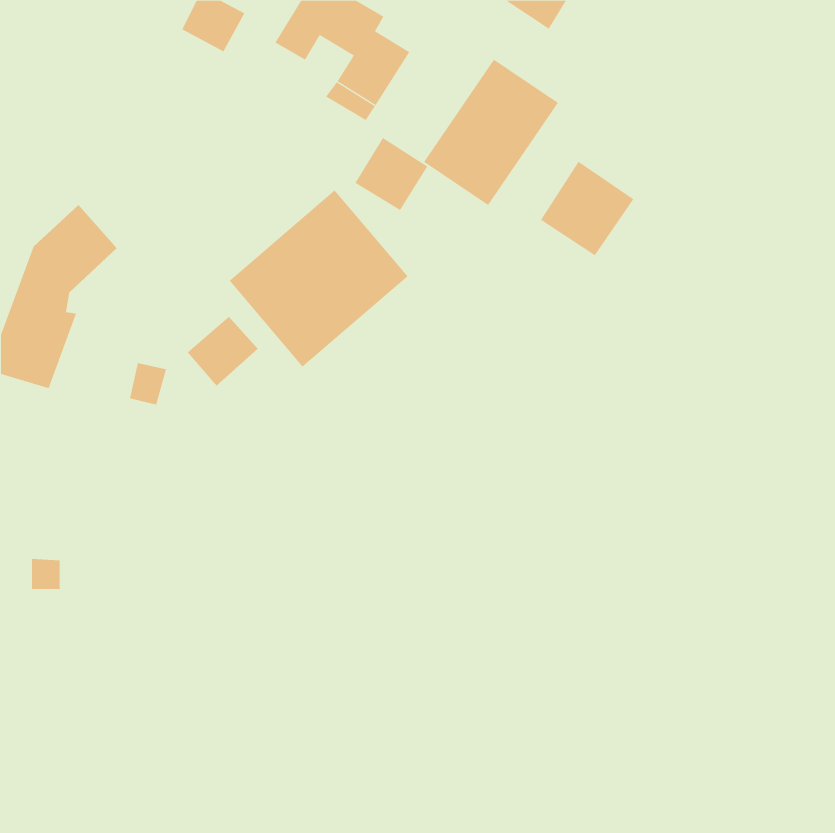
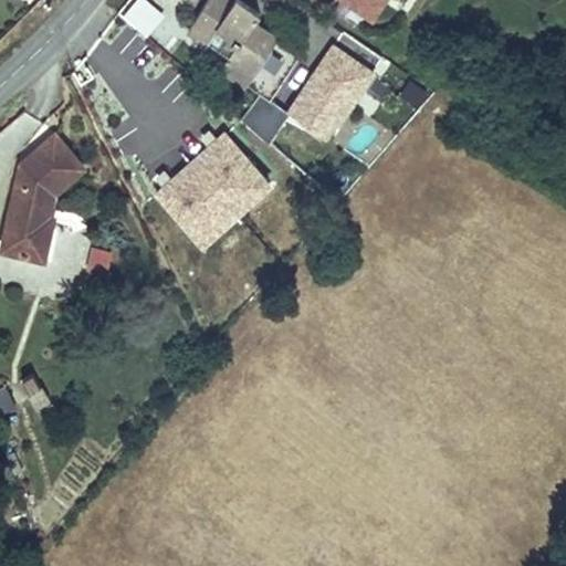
building: [540,161,634,256] -> none
building: [187,316,258,386] -> none

